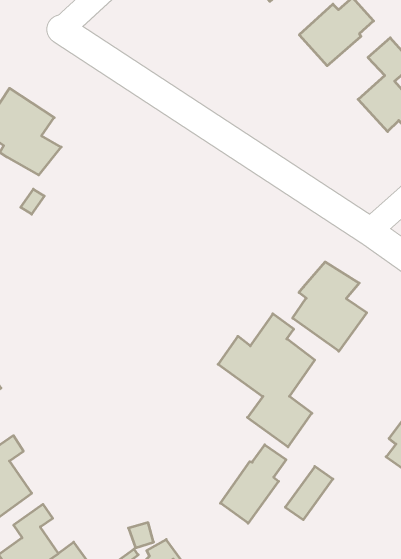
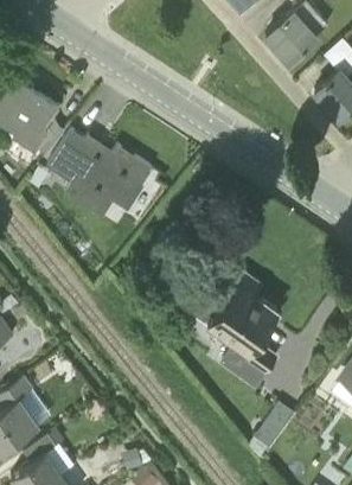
building: none -> [47,132,151,218]
building: [293,262,367,351] -> none
building: [220,445,286,523] -> none

